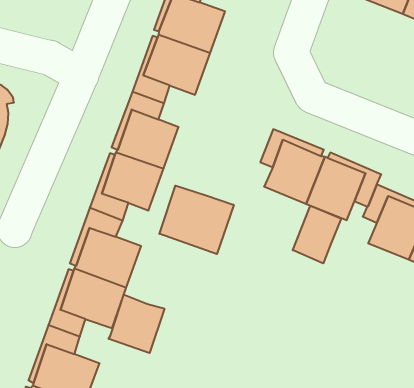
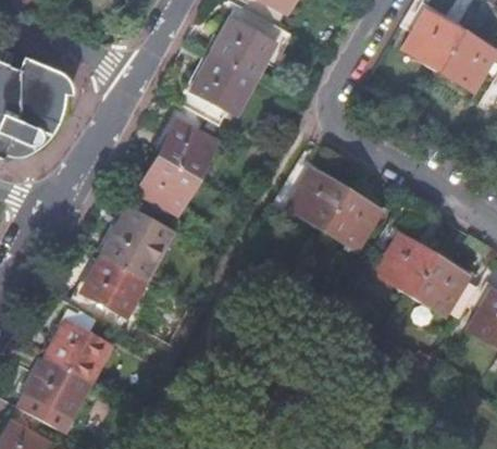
building: [159,186,234,254] -> none
building: [293,206,341,263] -> none
building: [109,294,164,353] -> none

